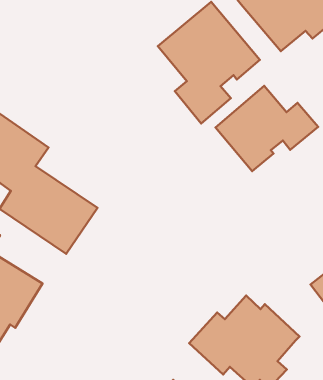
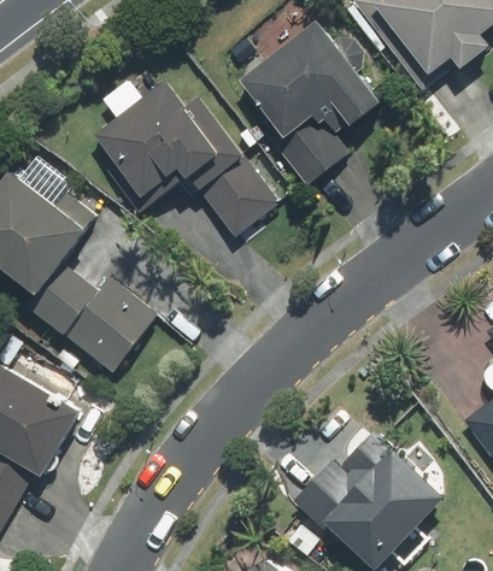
building: none -> [94,80,278,240]
building: [215,86,318,171] -> none

